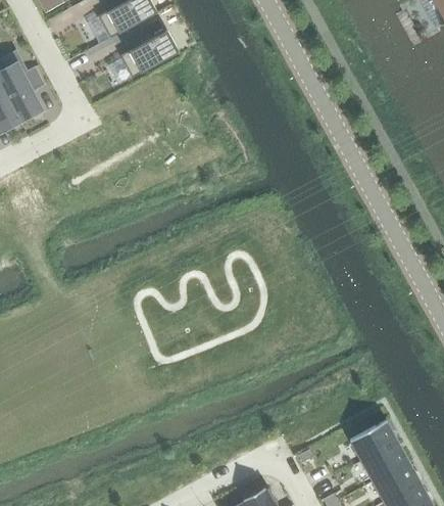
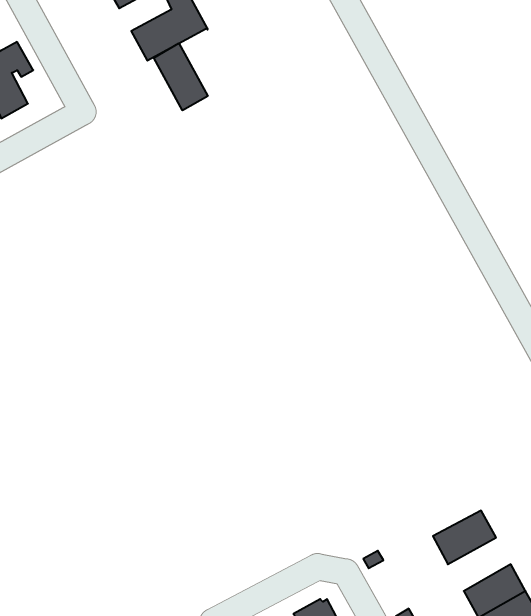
building: none -> [154,43,208,110]
building: [360,441,408,481] -> none

